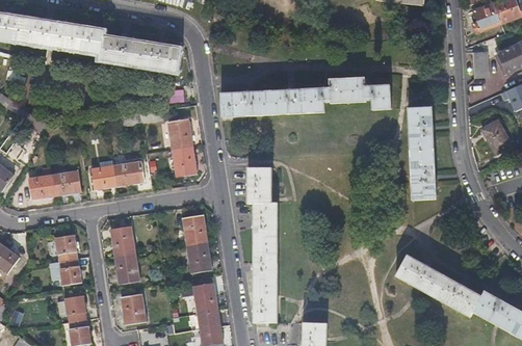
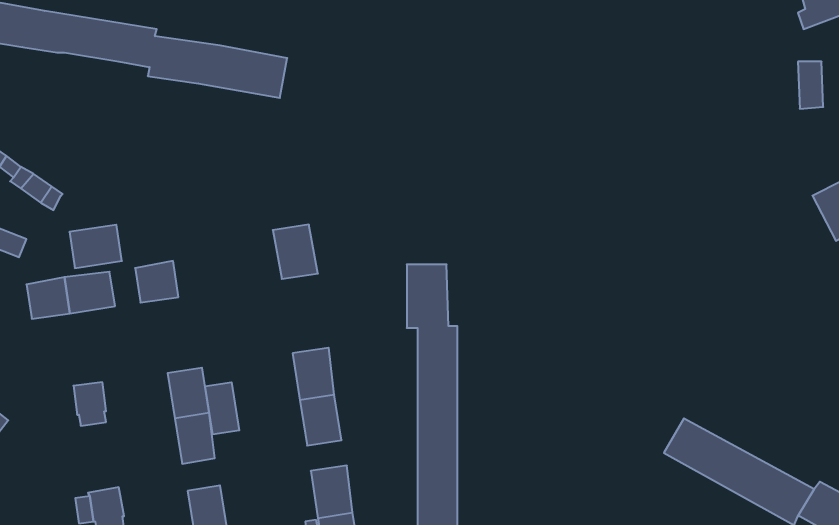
building: [220,77,390,115] -> none
building: [408,106,435,198] -> none
building: [167,118,191,147] -> none
building: [113,160,143,185] -> [69,225,122,268]
building: none -> [205,382,239,434]
building: [51,257,80,283] -> none

